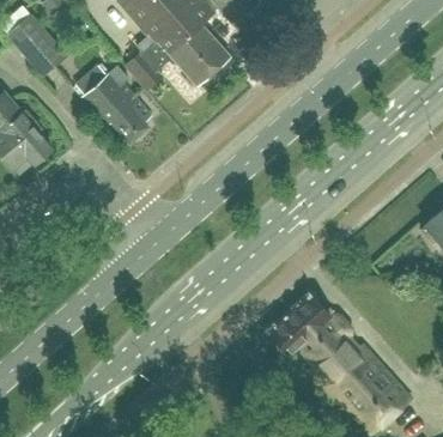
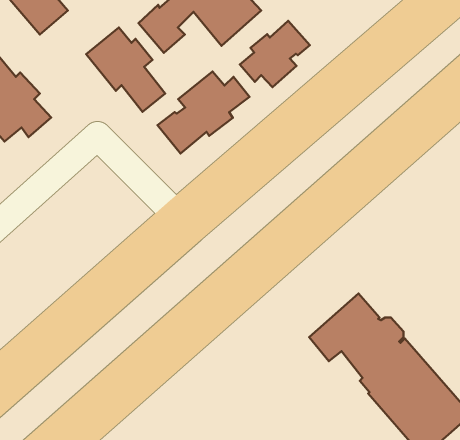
building: none -> [240,21,310,87]
building: none -> [158,71,249,153]

